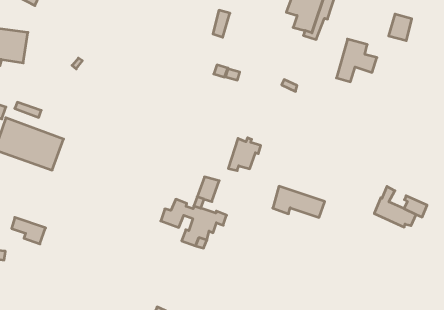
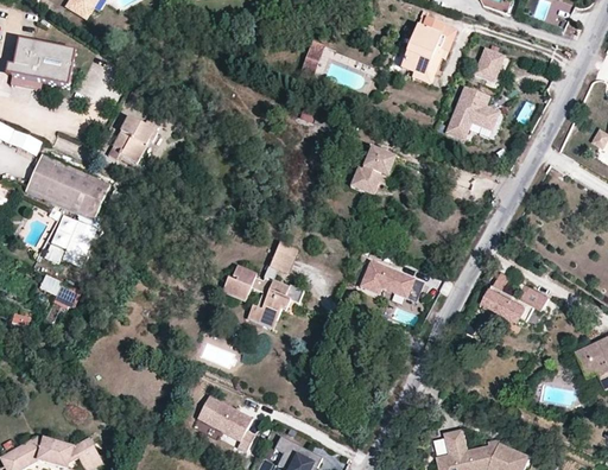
building: [389,14,412,41] -> [474,47,504,81]
building: none -> [113,117,154,164]
building: [228,138,261,171] -> [354,147,395,186]
building: none -> [45,214,99,268]

